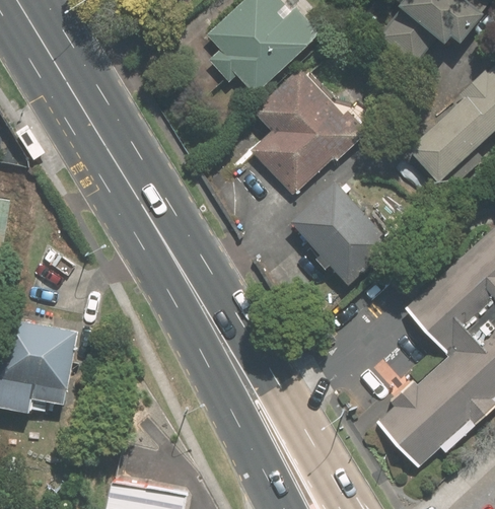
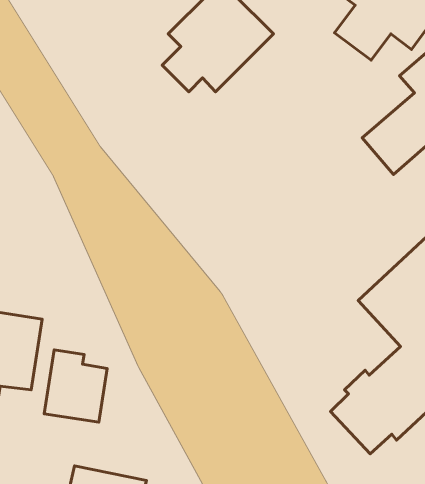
building: [251,67,371,197] -> none
building: [293,177,396,283] -> none
building: none -> [44,350,107,422]

